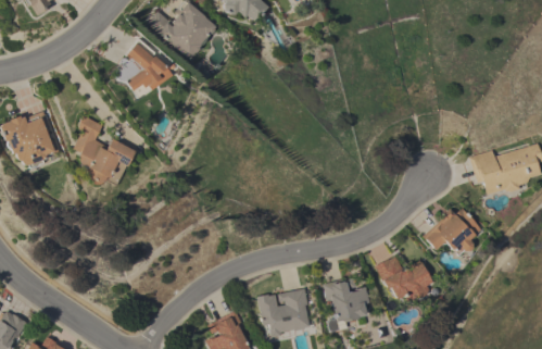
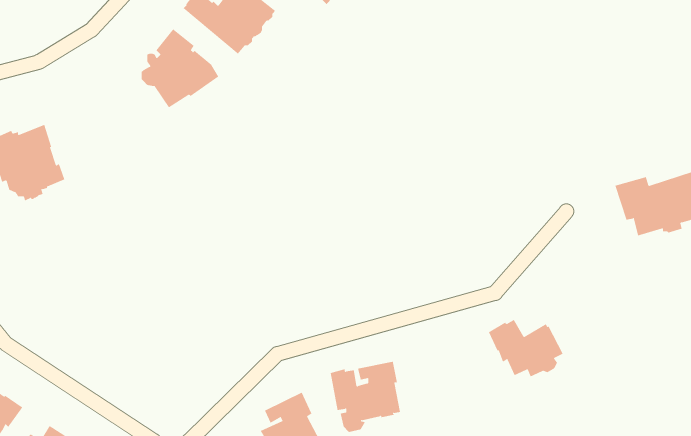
building: [73,114,136,186] -> none
building: [423,208,482,255] -> none
building: [324,278,369,331] -> none

